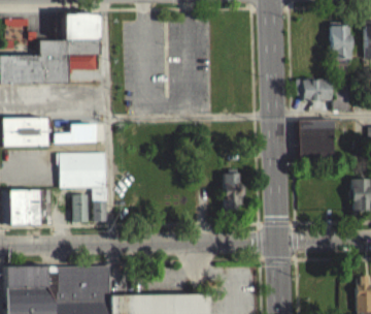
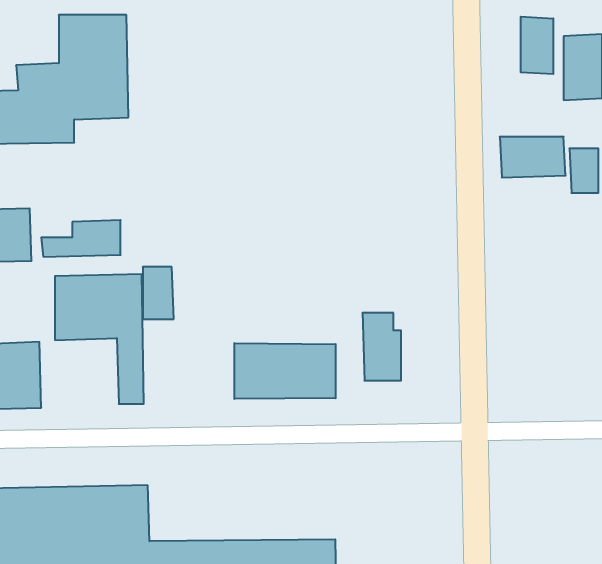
building: none -> [521,17,553,74]
building: [298,120,334,161] -> none
building: none -> [234,343,336,399]
building: [72,194,89,222] -> [143,267,174,319]

